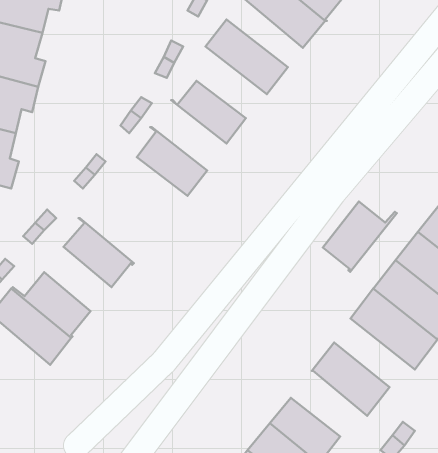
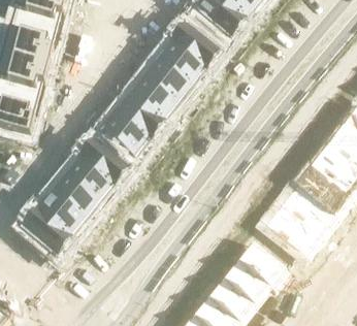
building: none -> [158,34,206,84]
building: none -> [127,71,178,120]
building: none -> [102,110,152,155]
building: none -> [77,134,130,184]
building: [323,201,397,272] -> none
building: none -> [53,172,99,217]
building: none -> [223,258,275,303]

